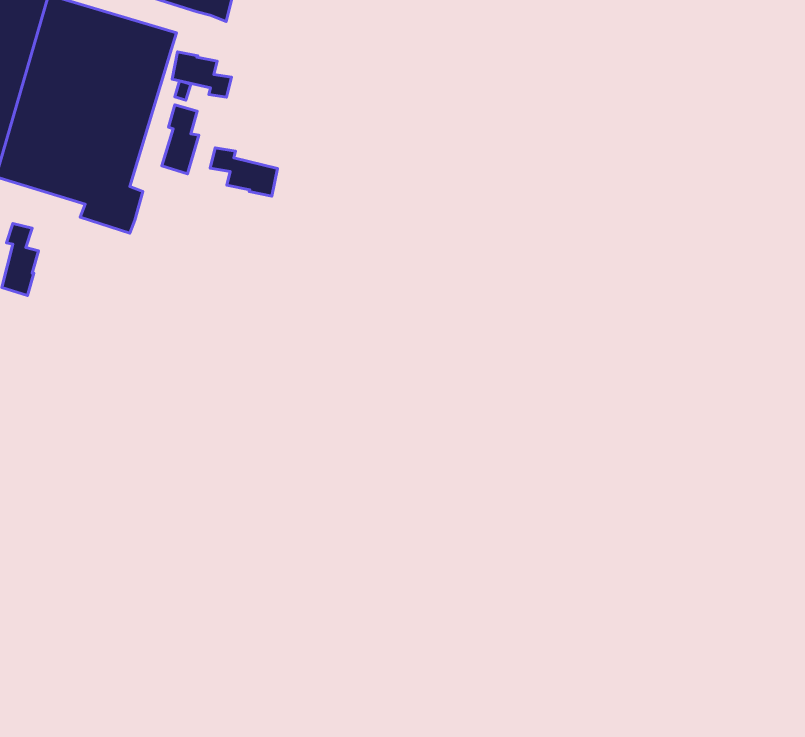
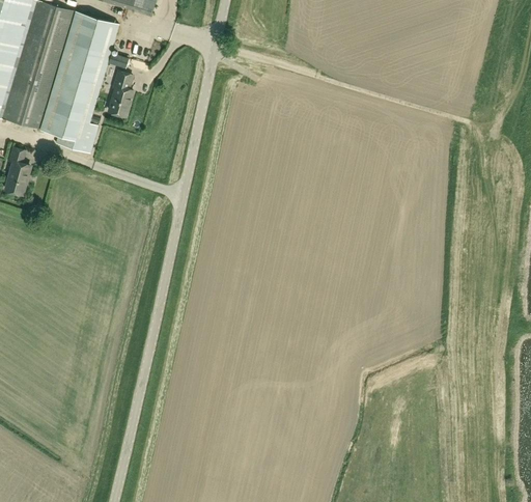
building: [172,52,231,97] -> none
building: [210,148,277,196] -> none

